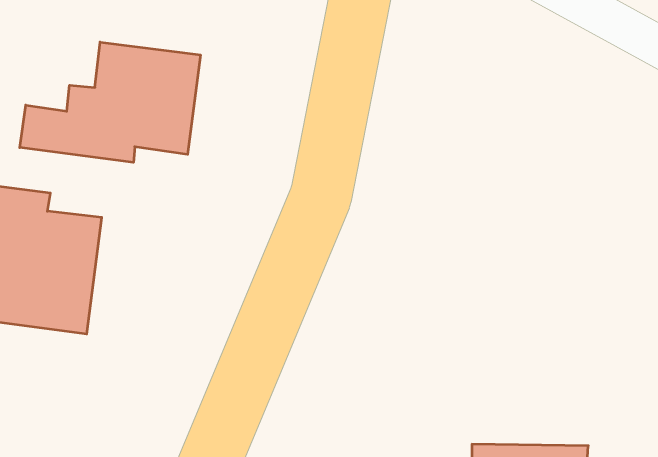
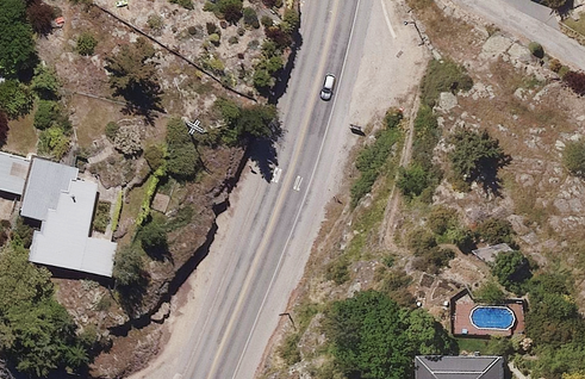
building: [20,42,200,162] -> none

